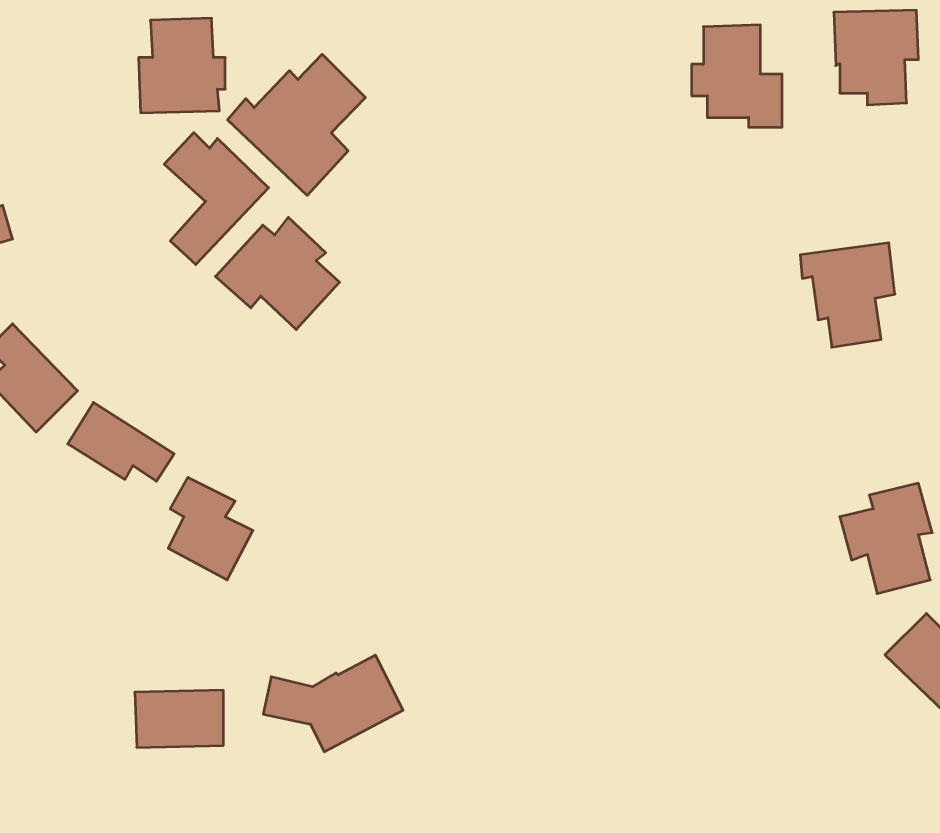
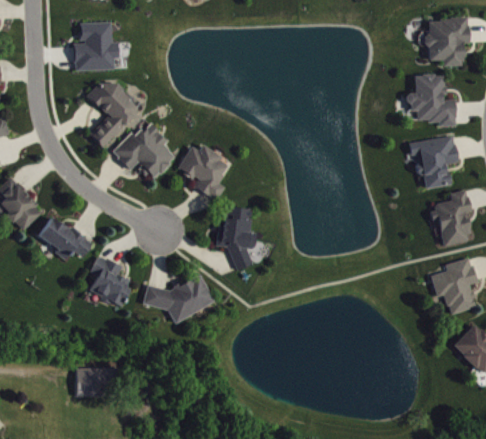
building: [692,25,782,127] -> [410,75,456,127]
building: [228,54,365,195] -> none
building: none -> [178,146,230,202]
building: none -> [432,191,471,246]
building: none -> [217,207,256,271]
building: [263,655,403,752] -> [143,275,214,324]

